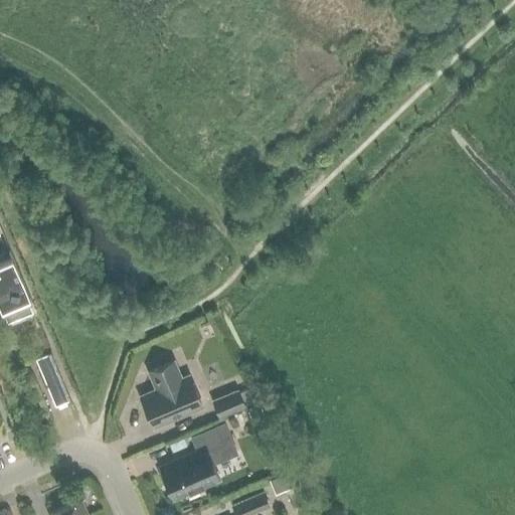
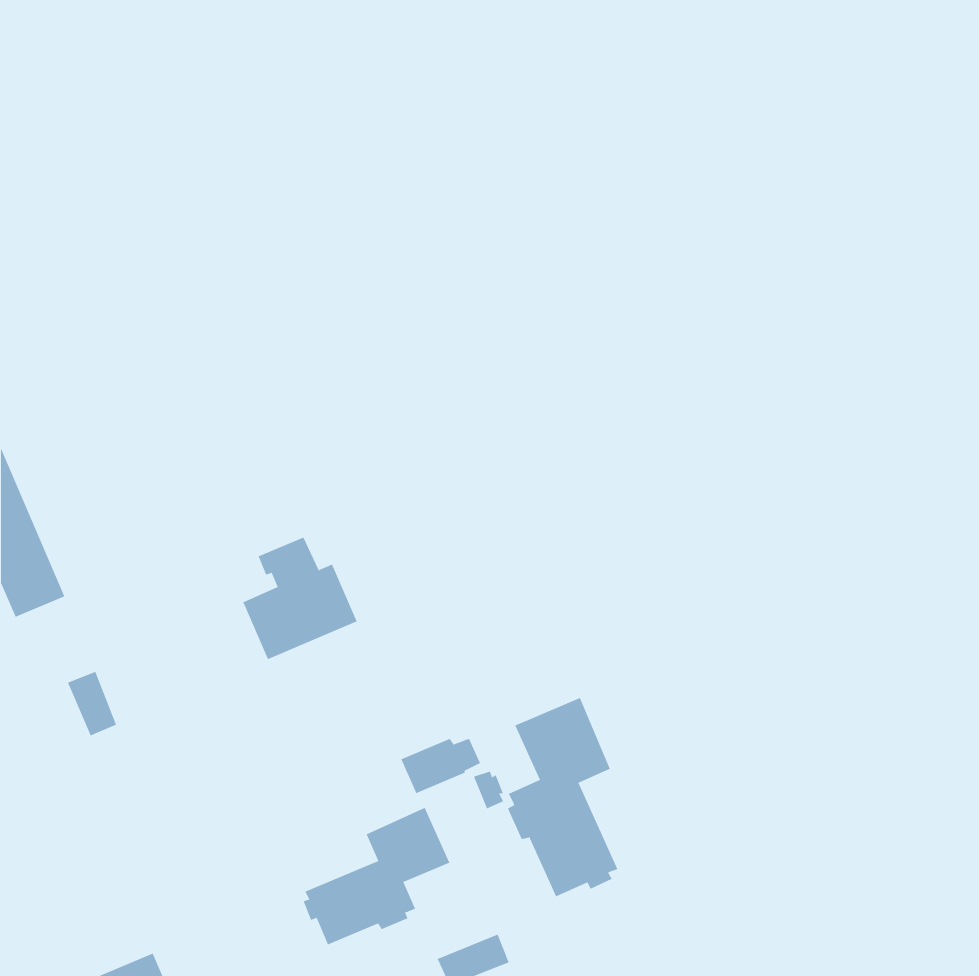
building: [141,363,201,427] -> [242,537,357,660]
building: none -> [507,697,618,897]

